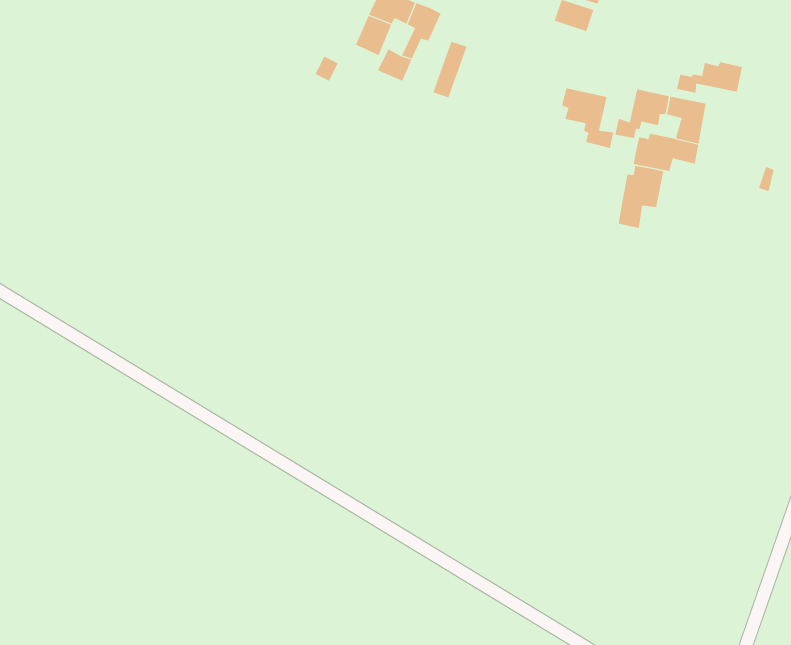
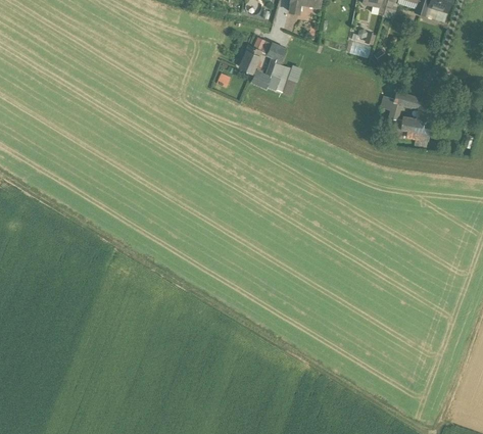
building: [676,62,742,93] -> none
building: [561,87,614,149] -> none
building: [618,165,664,229] -> none

